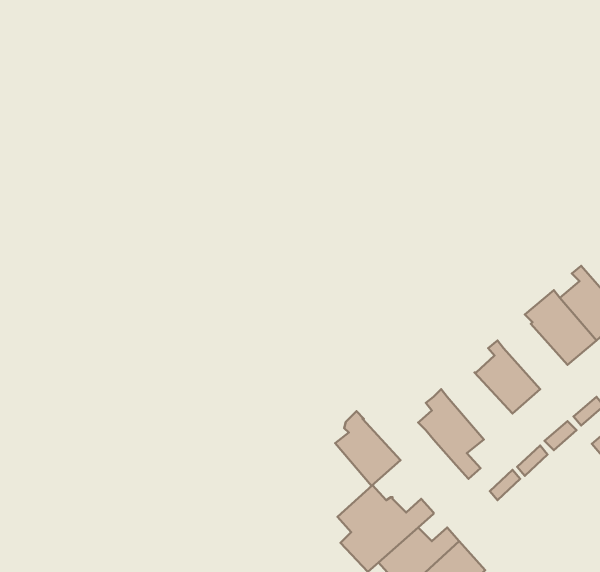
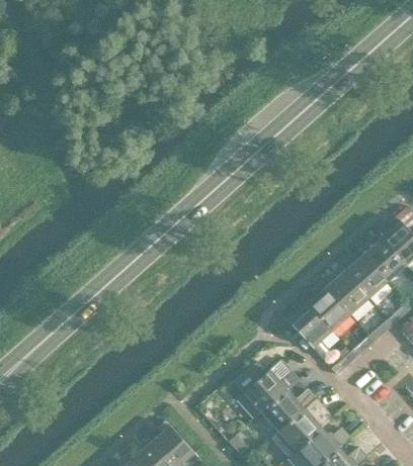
building: none -> [345,250,388,299]
building: [335,411,400,486] -> [308,283,351,333]

